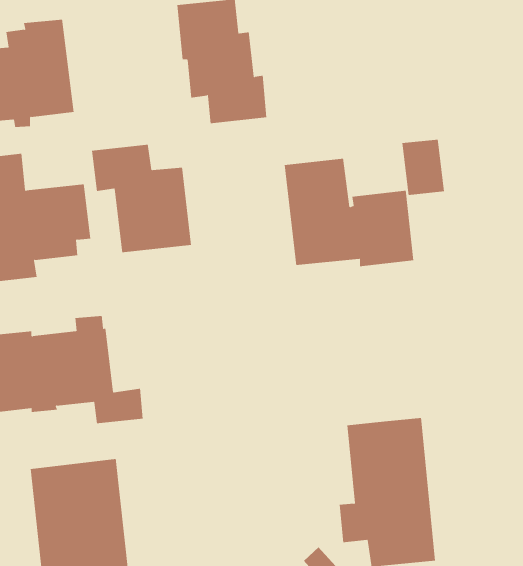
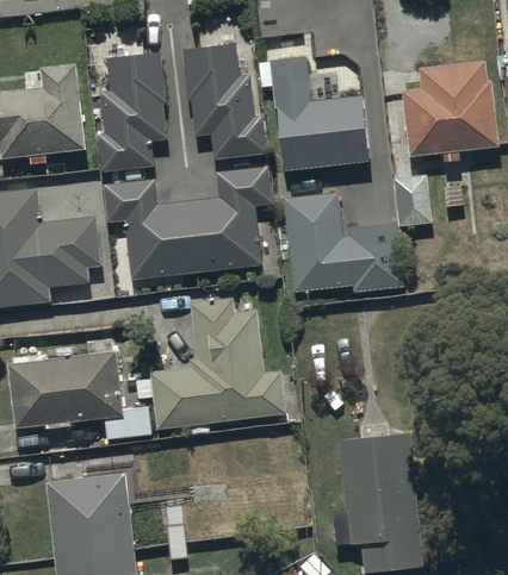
building: none -> [97,51,168,173]
building: none -> [259,56,370,171]
building: none -> [402,60,500,162]
building: none -> [188,165,273,273]
building: none -> [136,296,287,435]

